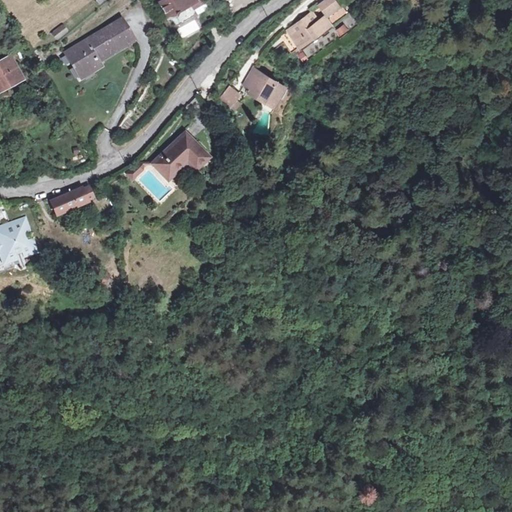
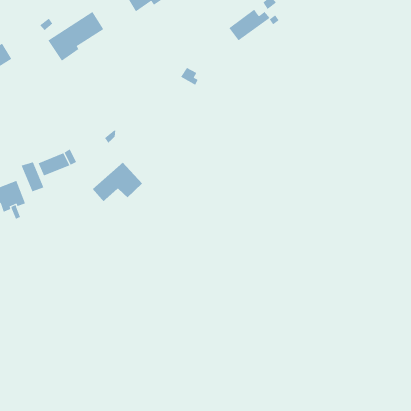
building: [248,69,287,109] -> none
building: [155,133,218,183] -> [92,162,143,202]
building: none -> [21,161,44,192]

